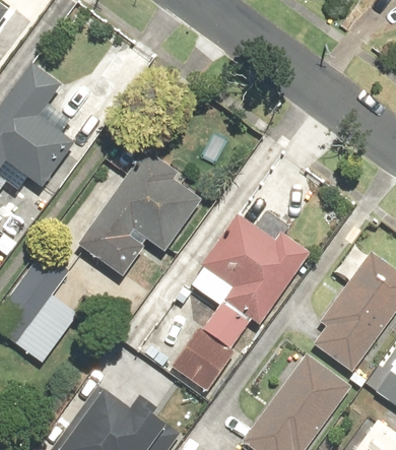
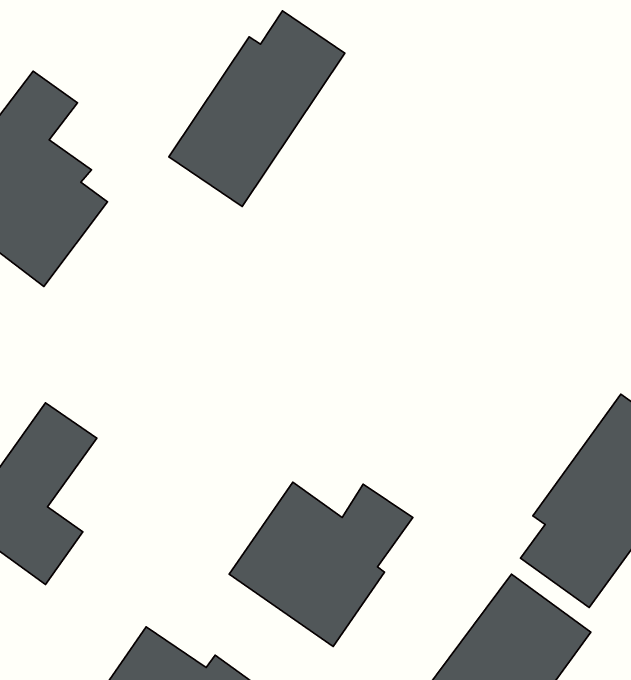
building: none -> [169,11,345,207]
building: [79,154,201,275] -> none
building: [200,213,311,328] -> none

